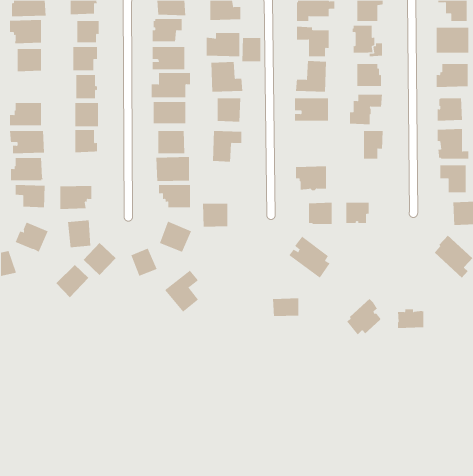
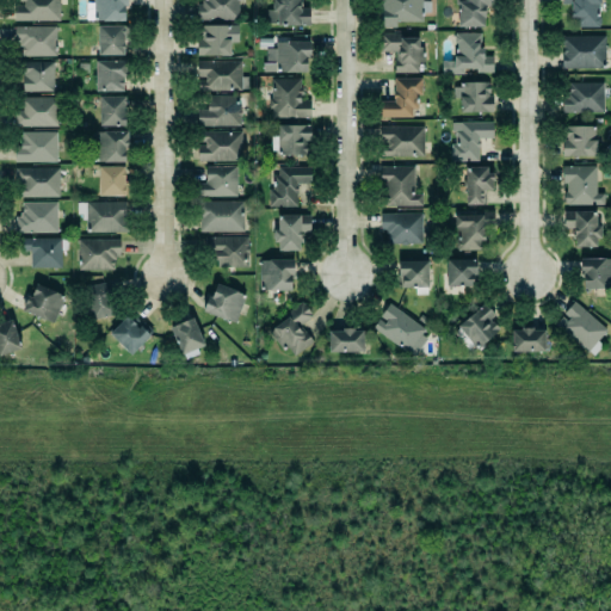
building: [242,37,261,62] -> none
building: none -> [18,97,61,126]
building: none -> [384,166,426,206]
building: none -> [90,202,132,232]
building: none -> [458,214,496,251]
building: none -> [276,215,314,251]
building: [56,264,89,298] -> none
building: [164,270,199,313] -> [272,303,316,358]
building: [272,298,299,317] -> [332,329,366,353]
building: [346,298,382,336] -> [455,302,500,350]
building: [397,309,424,328] -> [512,327,547,352]

